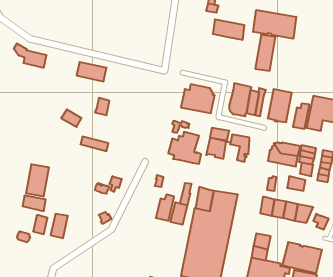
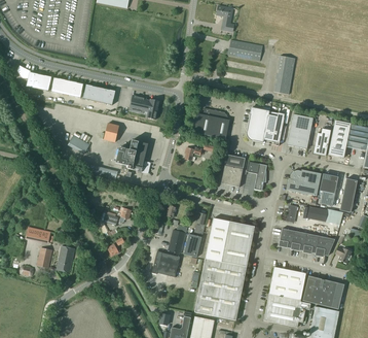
building: [253,10,296,39] -> none
building: none -> [50,77,83,98]
building: none -> [128,95,158,120]
building: [168,132,201,164] -> [115,139,150,173]
building: [26,164,49,197] -> none
building: none -> [152,250,180,277]
building: none -> [285,270,305,299]

